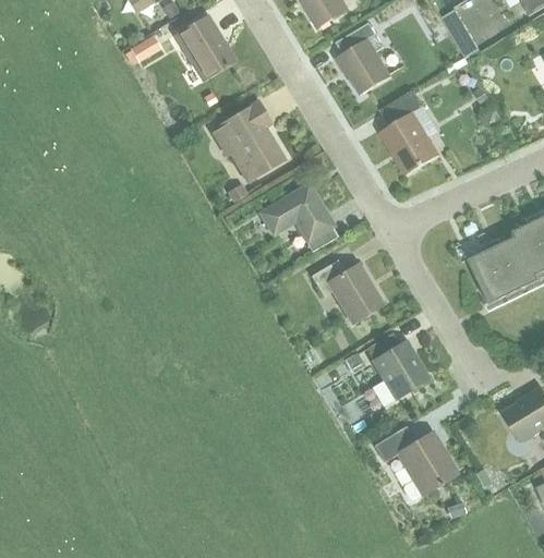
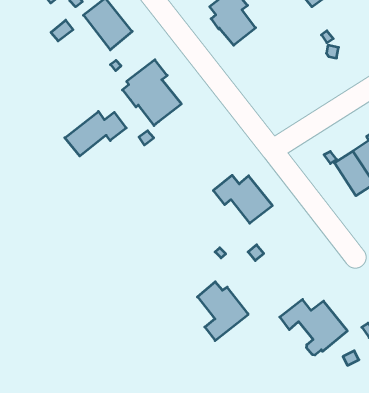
building: [379,90,438,175] -> none
building: none -> [65,111,126,156]
building: [264,185,337,252] -> none
building: [366,331,427,405] -> [197,282,248,341]

